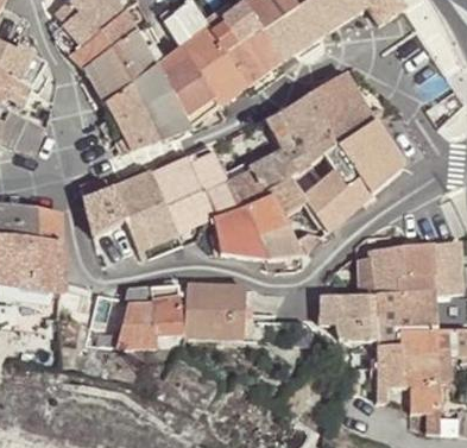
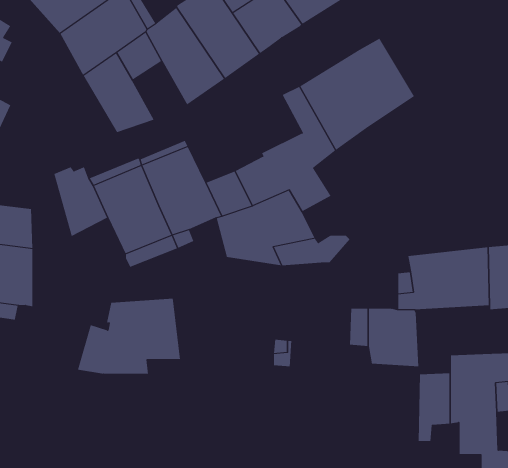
building: [144,92,188,139] -> none
building: [291,120,400,232] -> none
building: [183,282,245,337] -> none
building: [373,290,435,346] -> none

